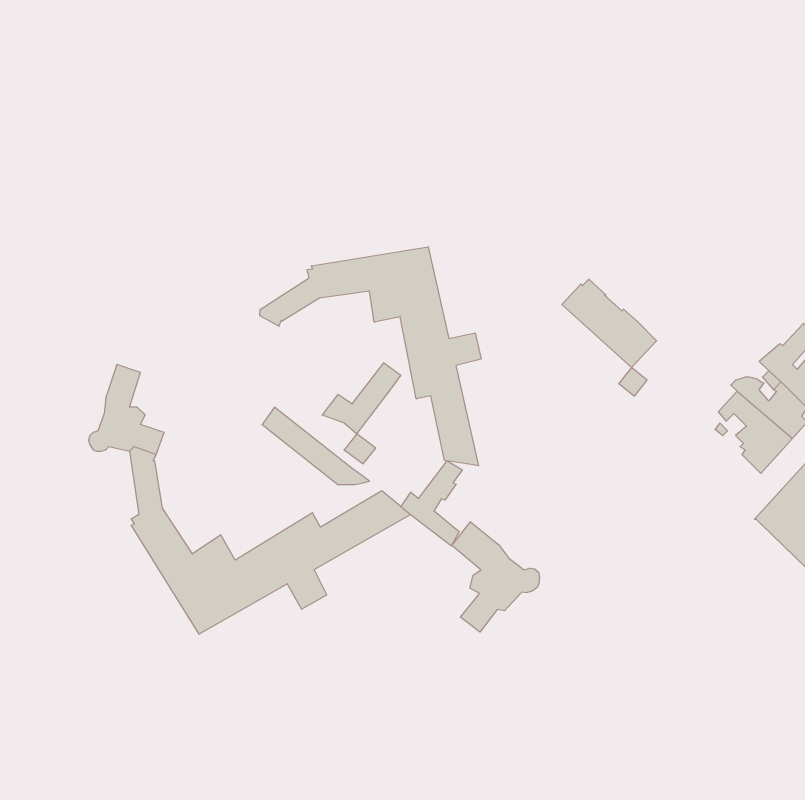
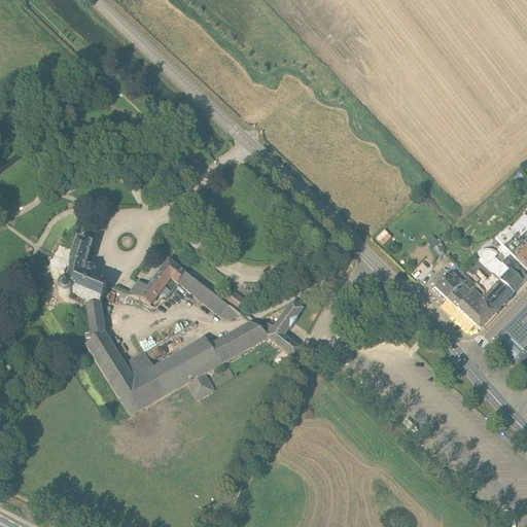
building: [260,247,481,466] -> none
building: [562,279,657,368] -> [435,269,497,326]
building: [322,363,401,434] -> [129,257,180,304]
building: [452,522,540,632] -> none

